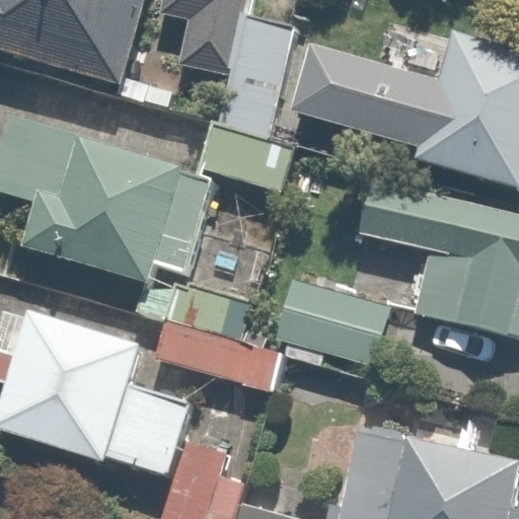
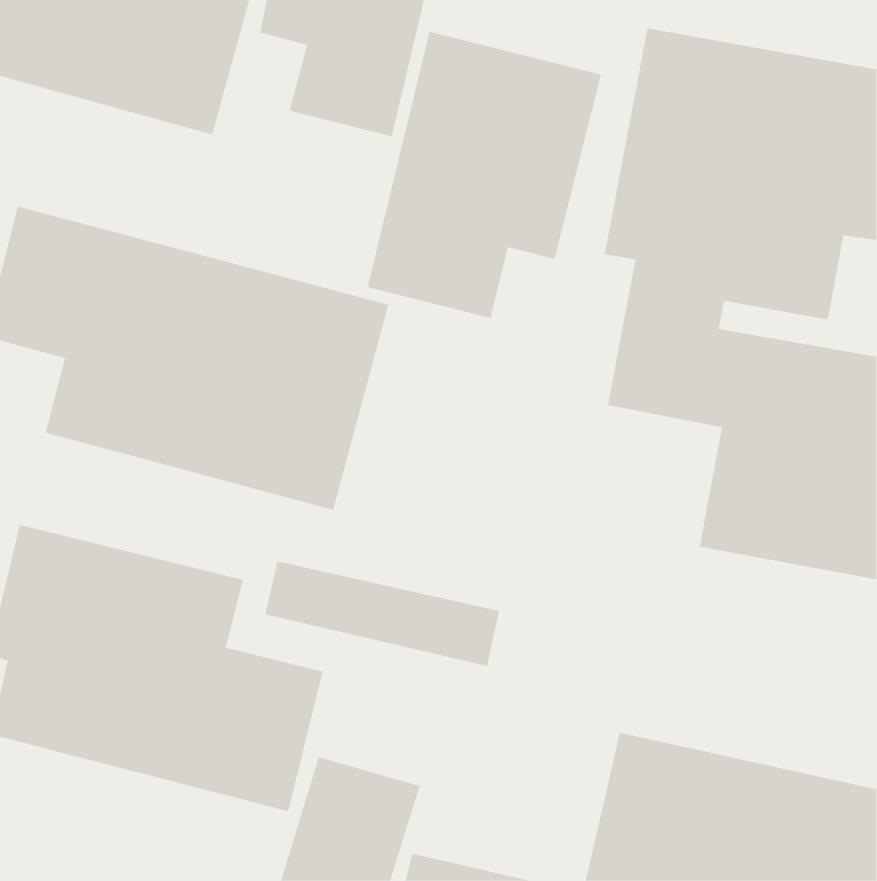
building: [280,289,396,368] -> none

